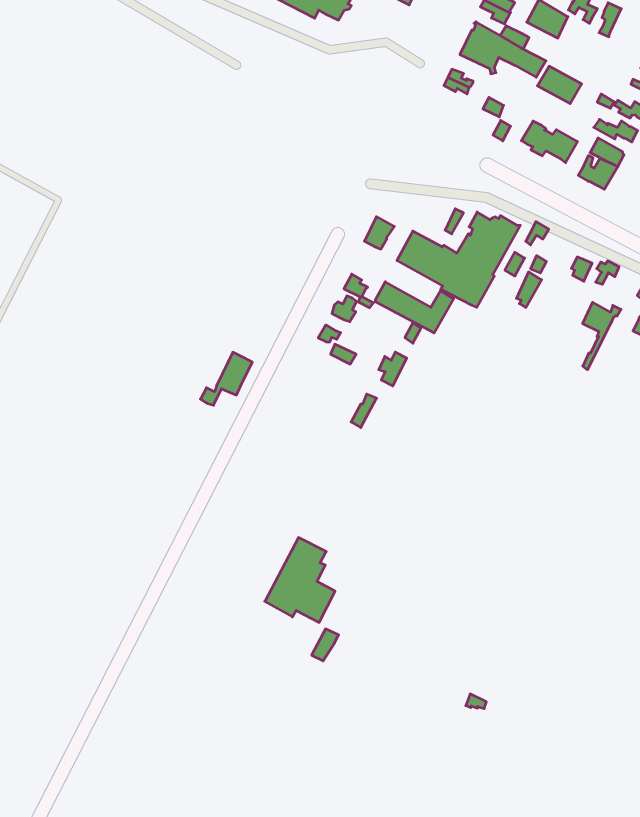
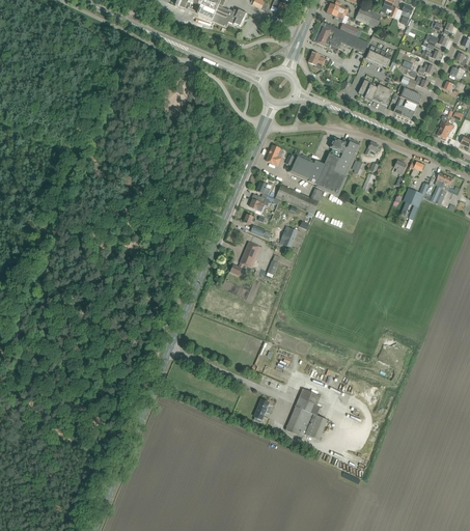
building: [200,352,252,405] -> [230,241,260,274]
building: [265,538,335,622] -> [285,388,328,439]

